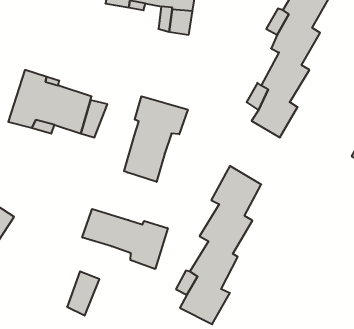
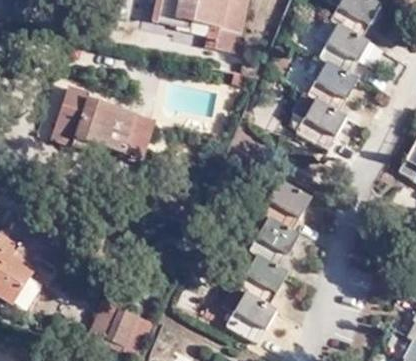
building: [124,96,188,182] -> none
building: [82,209,168,269] -> none

